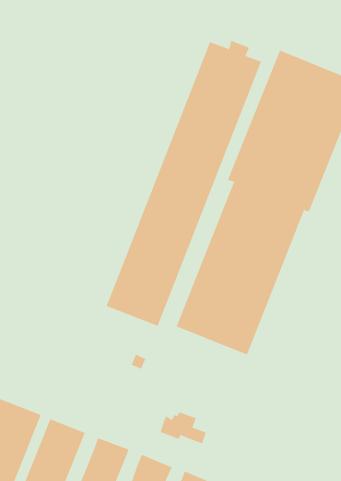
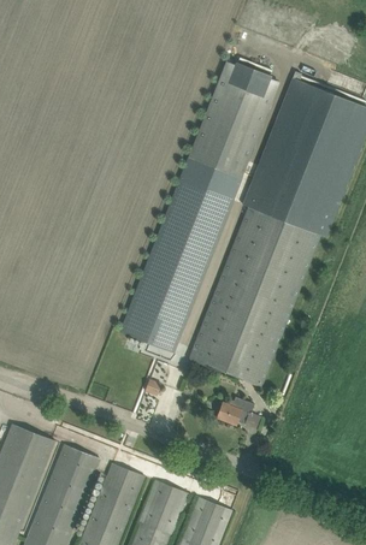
building: [160,412,206,444] -> [216,397,262,430]

